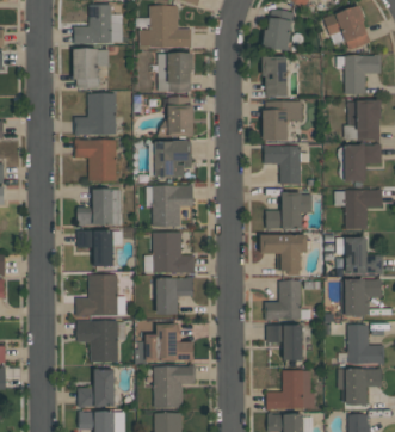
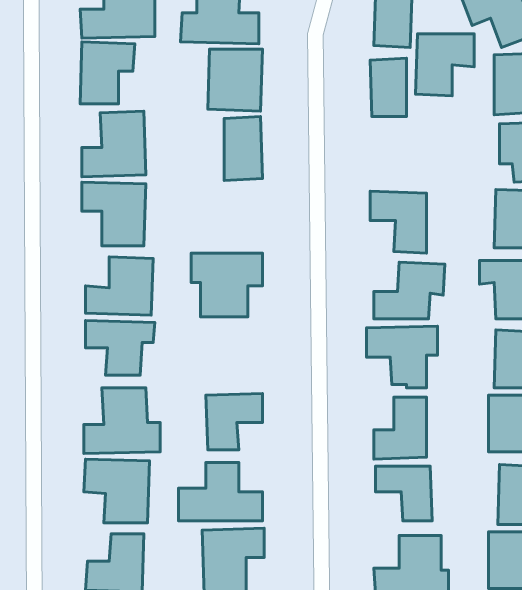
building: [263,101,301,142] -> [416,34,474,96]
building: [154,141,190,178] -> none
building: [143,232,193,274] -> none

